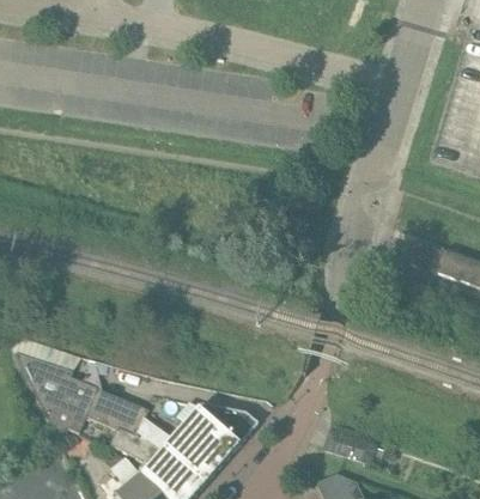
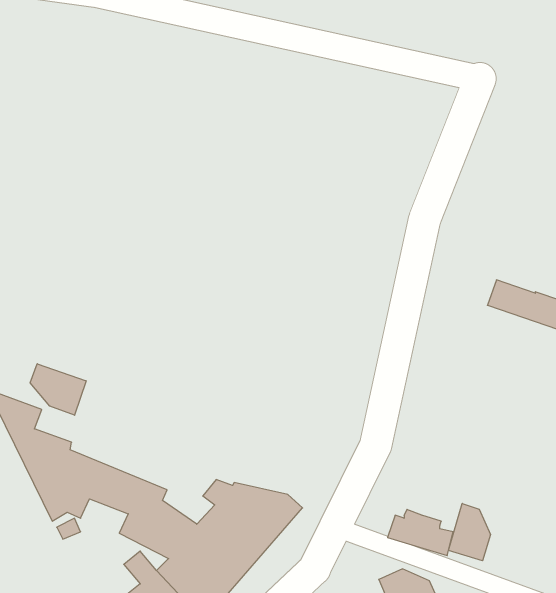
building: none -> [30,364,86,415]
building: none -> [448,503,490,561]

